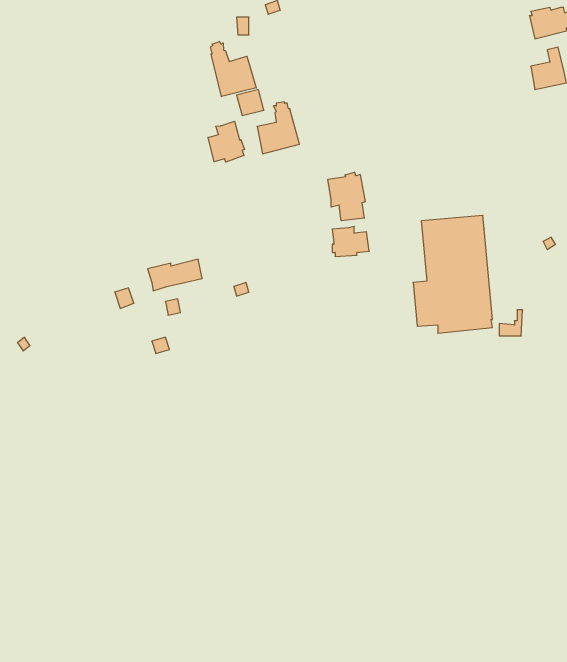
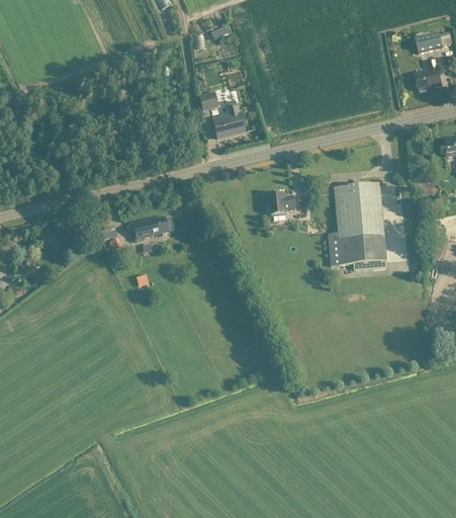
building: [211,41,256,97] -> none
building: [208,121,244,162] -> none
building: [328,172,365,221] -> none

